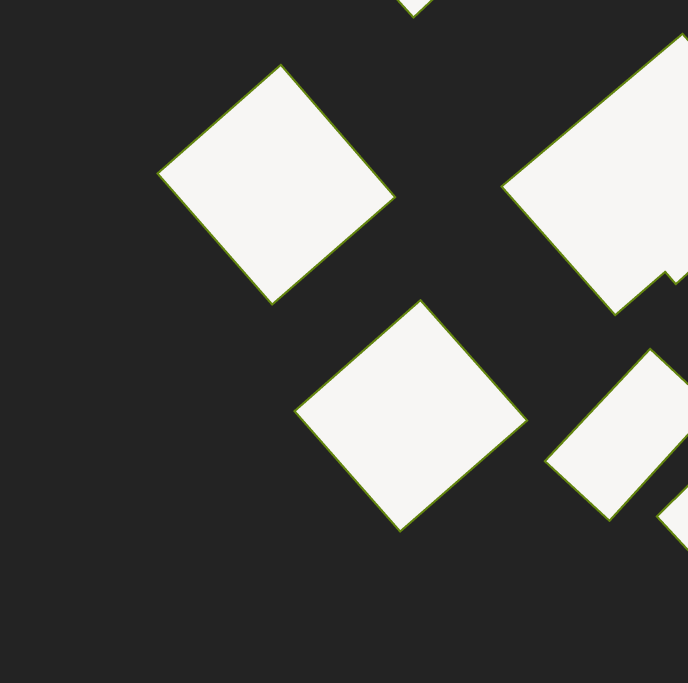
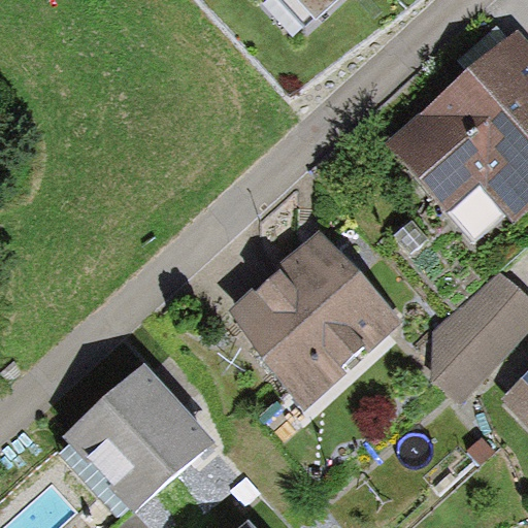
building: [158,65,395,304] -> none
building: none -> [57,377,196,515]

